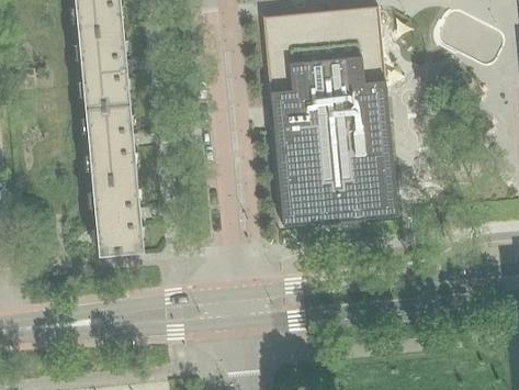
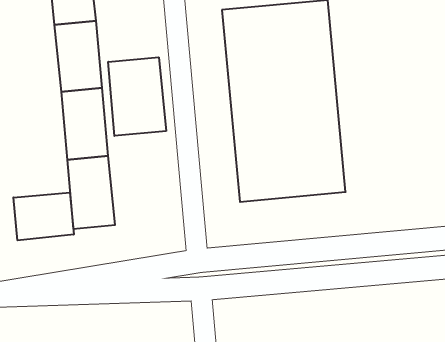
building: none -> [108,57,166,136]
building: none -> [13,193,74,240]

